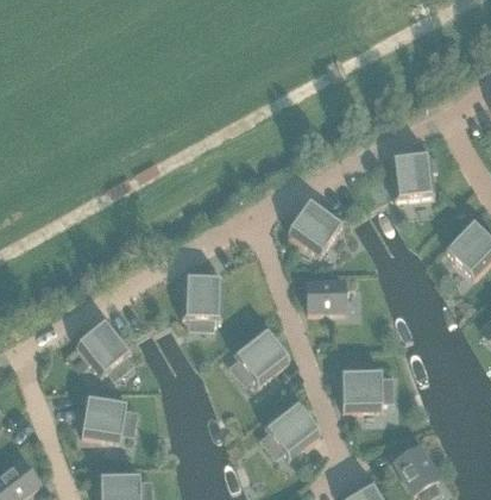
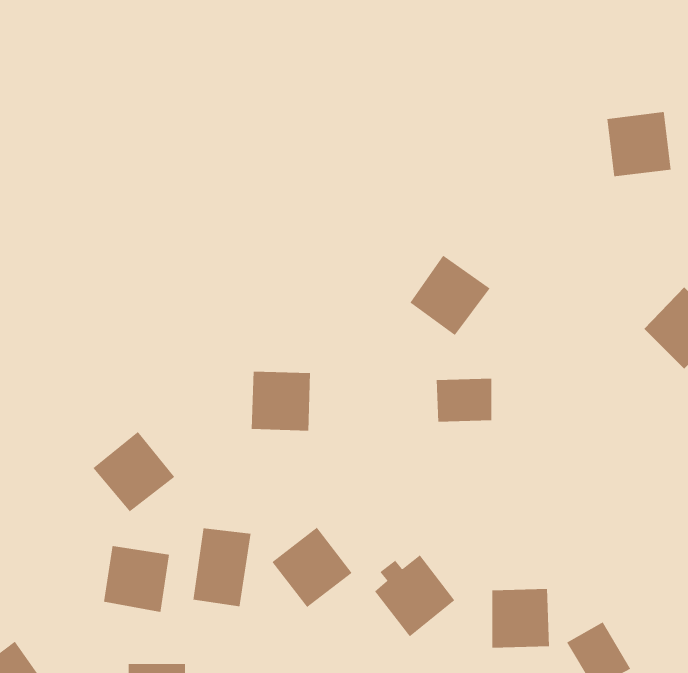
building: [390,154,434,198] -> [606,112,672,177]
building: [234,329,289,383] -> [271,527,352,608]
building: [342,369,382,410] -> [492,588,550,648]
building: none -> [193,528,251,607]

